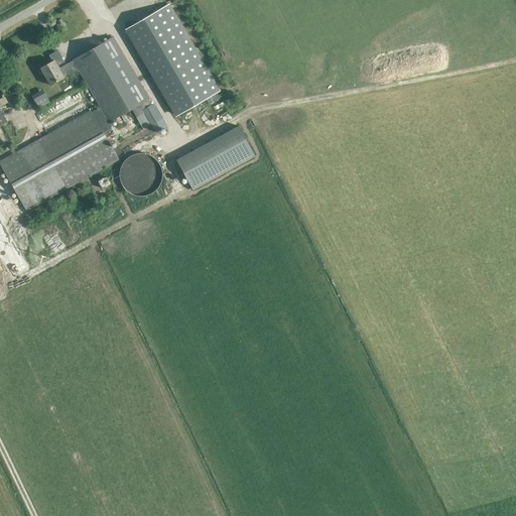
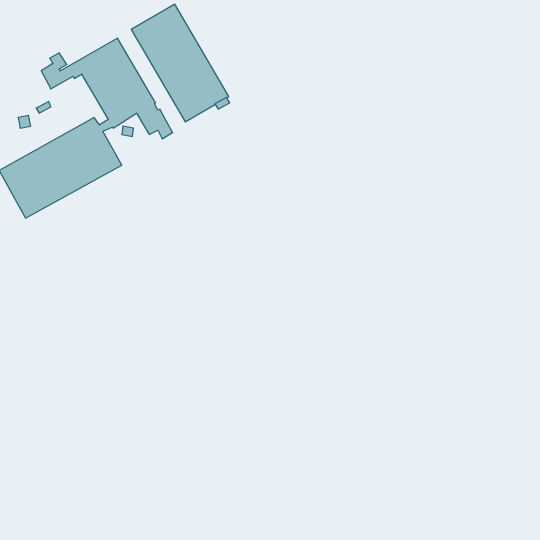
building: [176,126,256,188] -> none
building: [118,152,161,196] -> none

